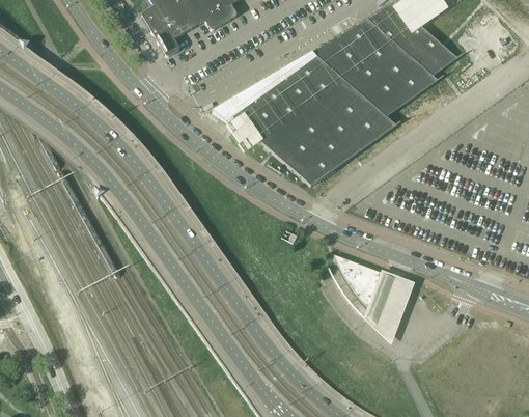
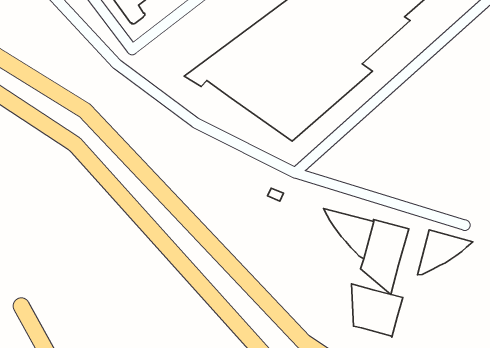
building: none -> [417,230,473,275]
building: none -> [352,284,403,337]

